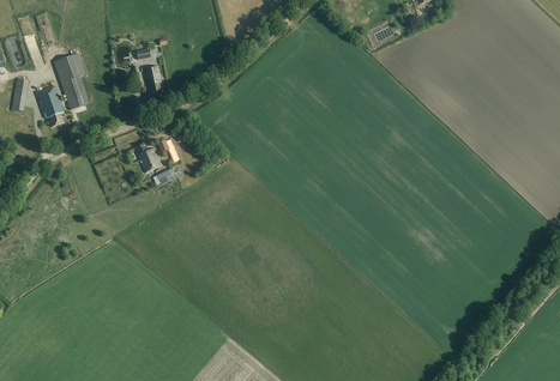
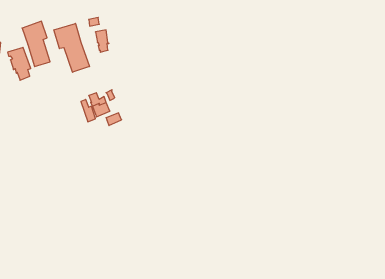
building: none -> [54,23,89,72]

